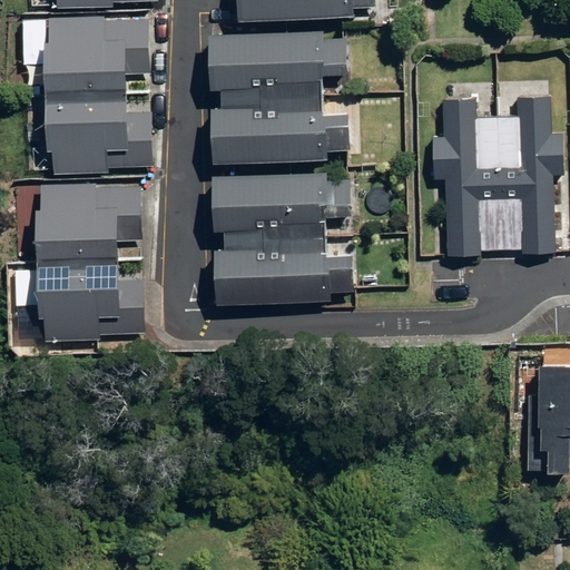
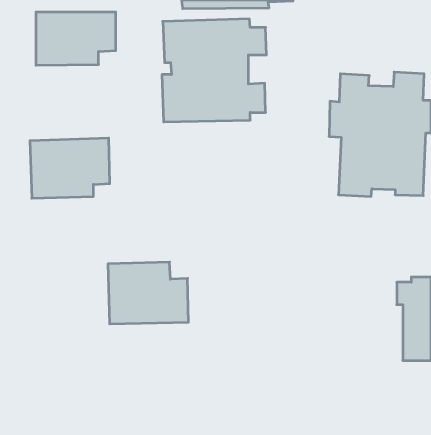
building: [47,88,153,170] -> none
building: [213,173,352,304] -> none
building: [41,259,146,340] -> [108,262,188,324]

